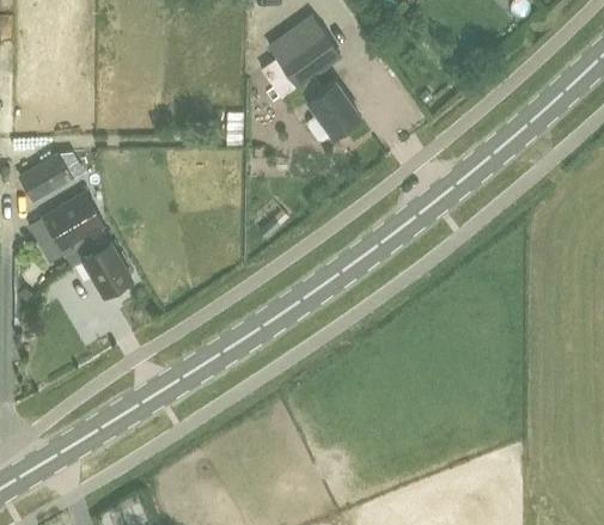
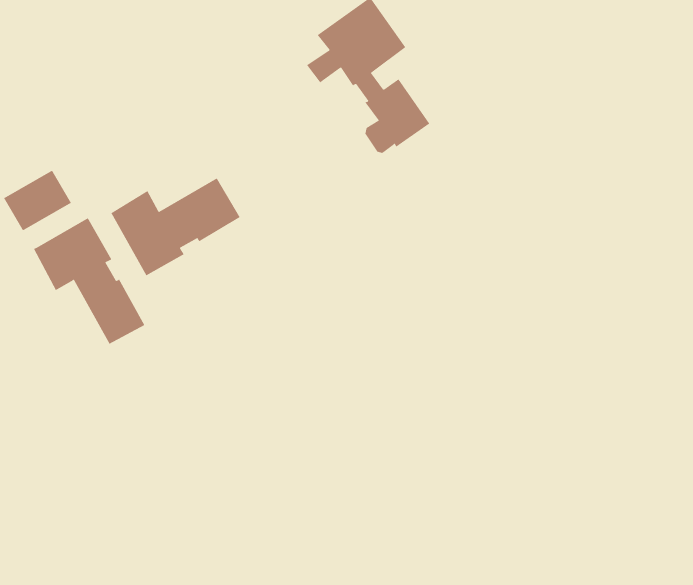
building: none -> [110,177,241,276]

